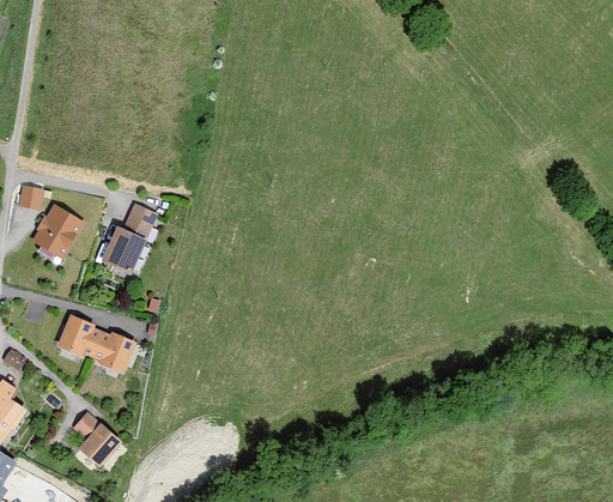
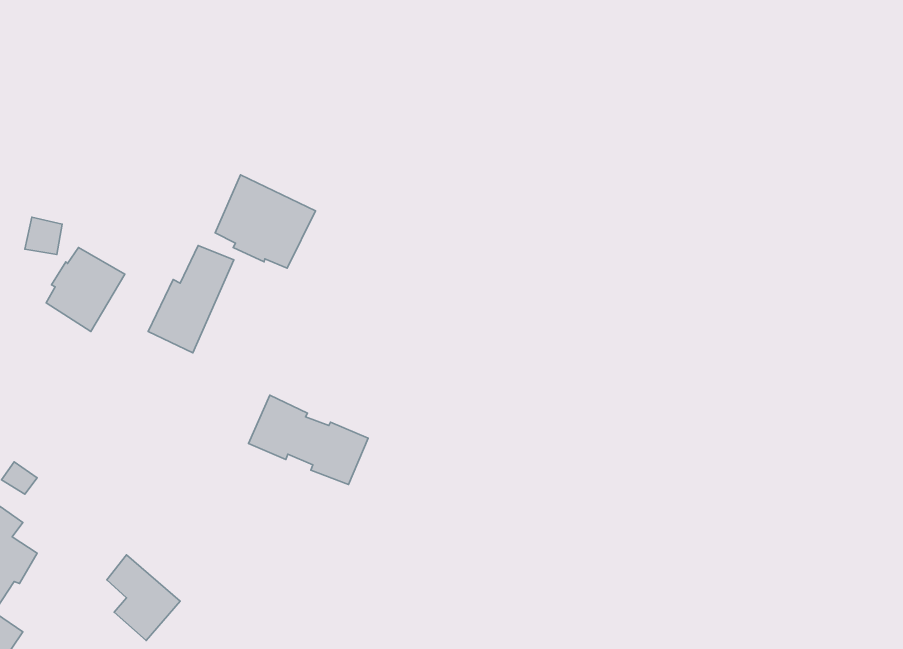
building: none -> [215,175,316,268]
building: [56,314,136,374] -> [248,395,368,485]

